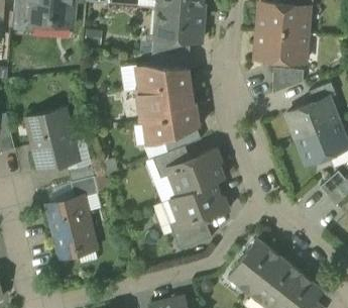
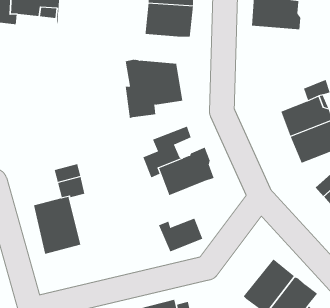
building: [255,31,306,64] -> none
building: [150,37,191,69] -> none
building: [272,69,304,94] -> none
building: [144,104,198,145] -> none
building: [25,108,76,172] -> none
building: [170,182,228,226] -> none
building: [228,238,279,293] -> none

